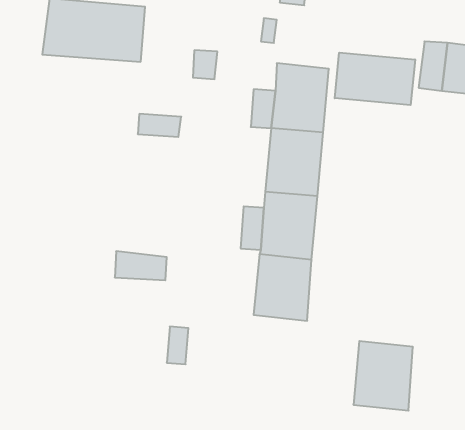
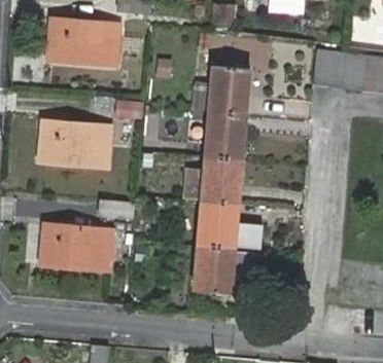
building: [335,53,415,105] -> none
building: none -> [40,121,111,167]
building: none -> [42,225,112,270]
building: [353,341,413,411] -> [193,244,235,293]

